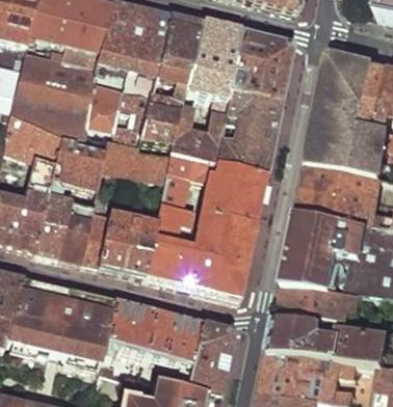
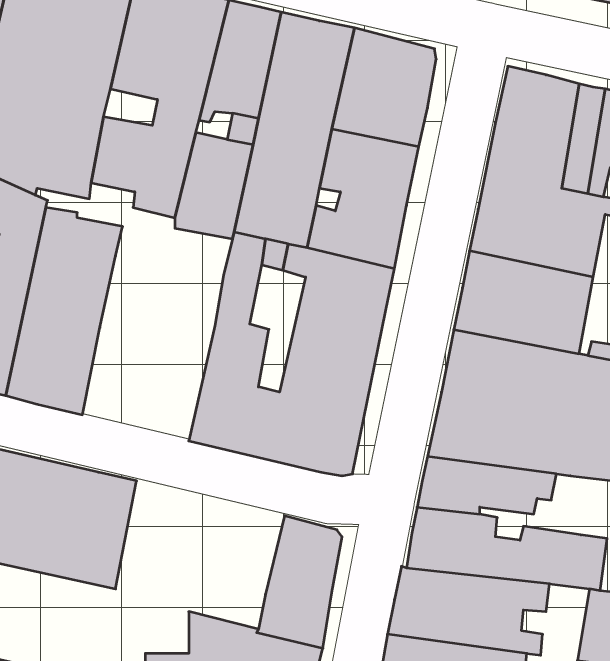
building: [97,135,166,177] -> none
building: [77,205,156,275] -> none
building: [96,299,198,370] -> none

